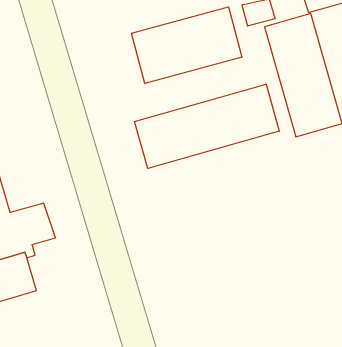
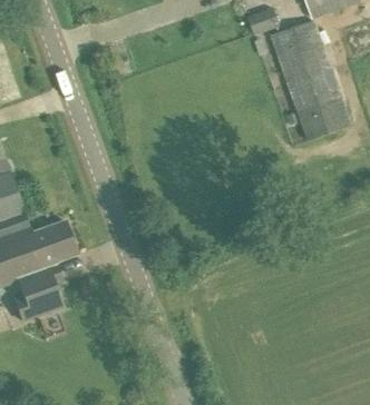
building: [131,7,242,84] -> none
building: [135,84,279,169] -> none

